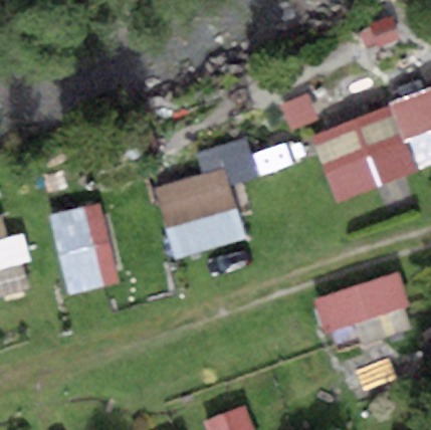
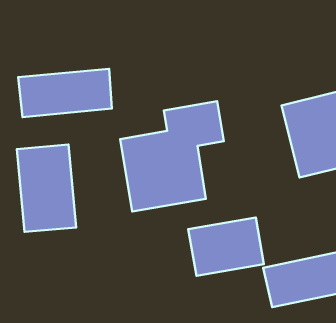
building: none -> [18,69,112,117]
building: none -> [188,218,264,276]

